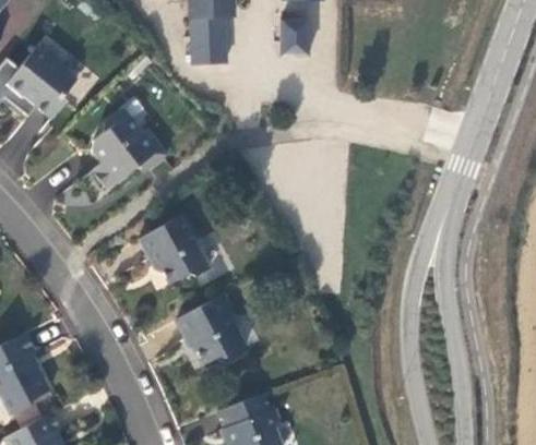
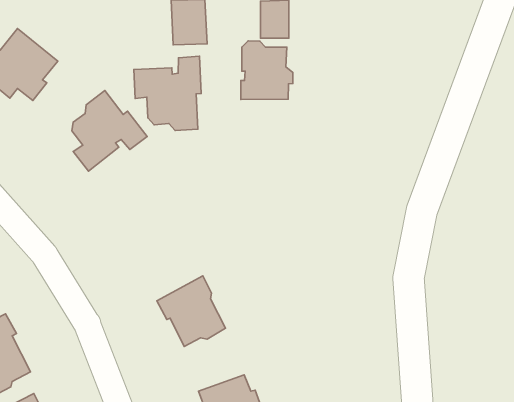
building: none -> [241,41,293,100]
building: none -> [134,56,201,131]
building: [138,216,209,284] -> none

